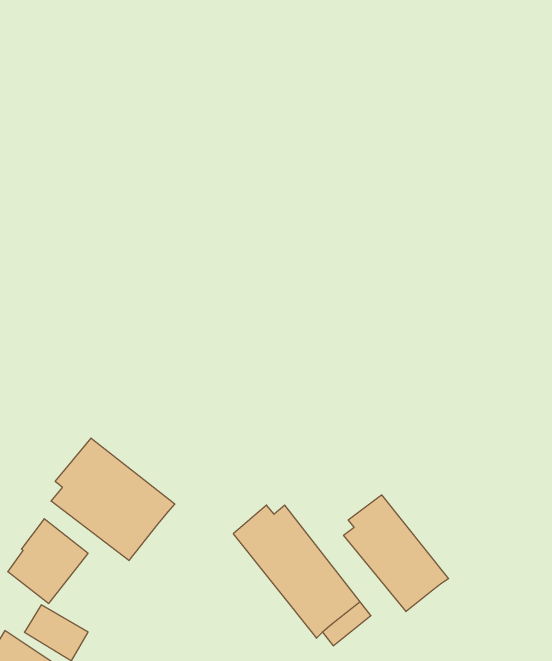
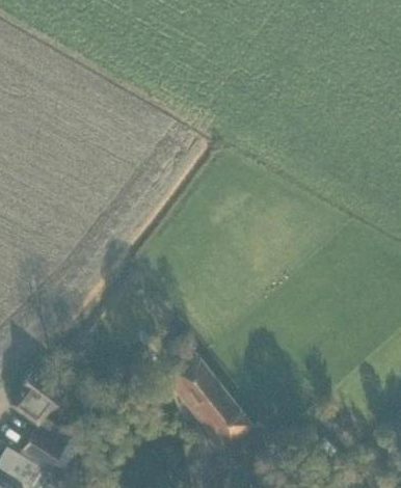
building: [51,438,175,561] -> none
building: [344,495,449,612] -> none

